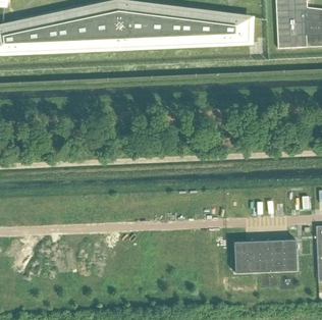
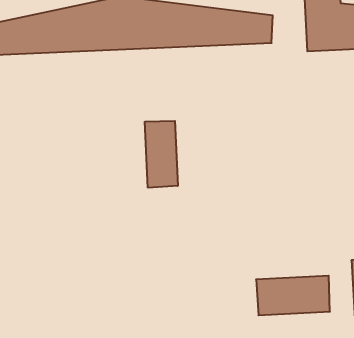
building: none -> [145,121,178,188]

